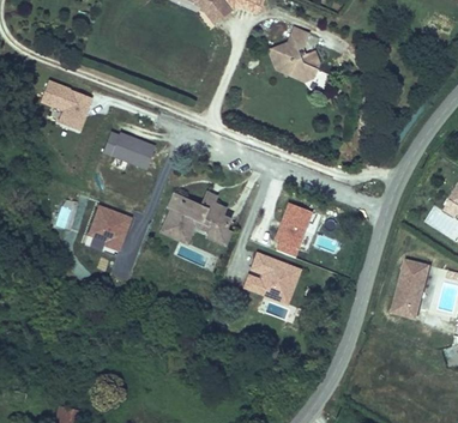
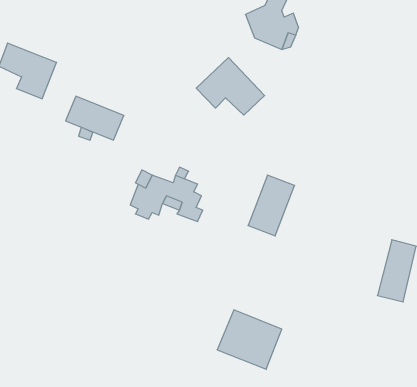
building: none -> [196,58,265,115]
building: [82,200,133,253] -> none
building: [242,248,302,303] -> [217,310,282,369]

